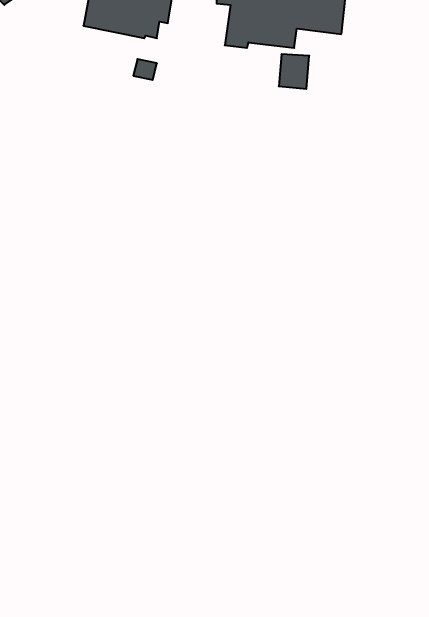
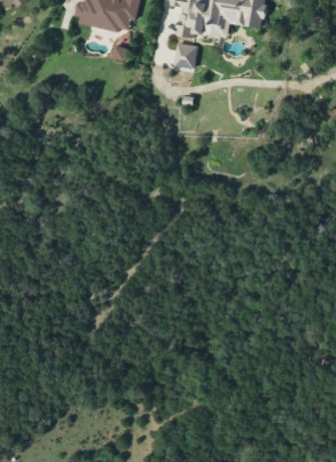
building: [279,54,309,89] -> [176,43,198,68]

